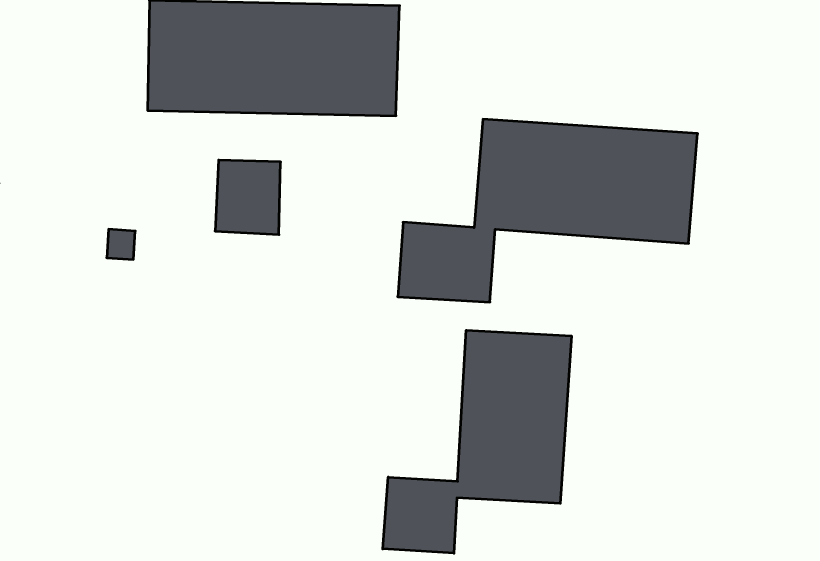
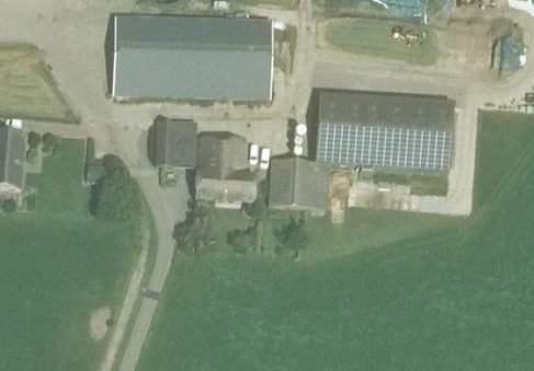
building: none -> [196,136,254,200]
building: [383,330,571,553] -> none

